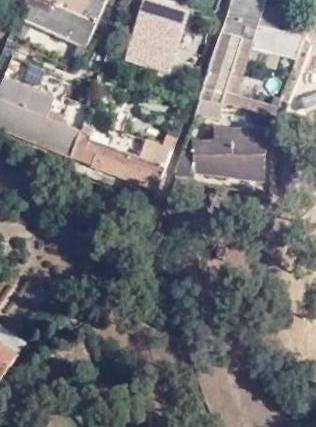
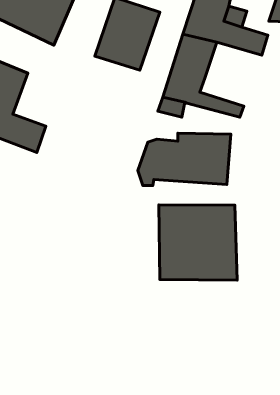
building: [71,128,170,191] -> none
building: none -> [159,205,237,280]

